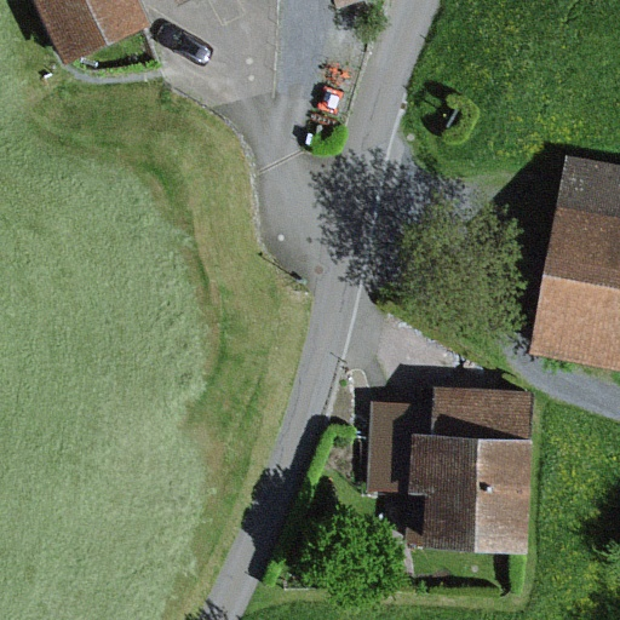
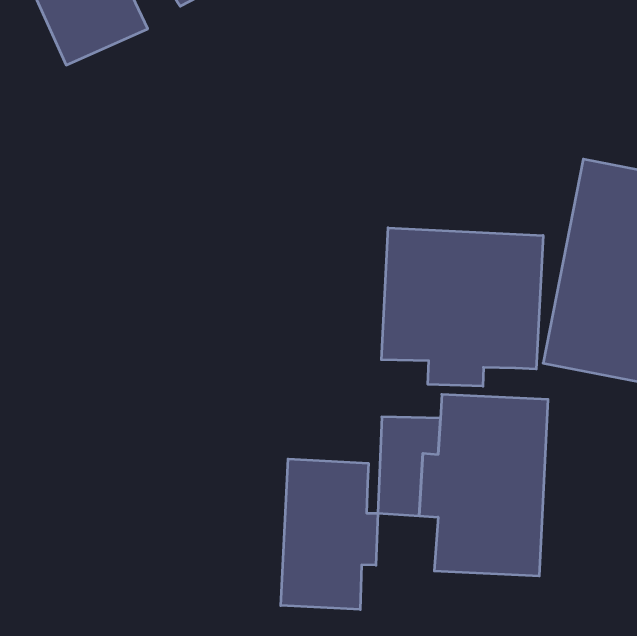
building: none -> [381,228,543,386]
building: none -> [281,459,378,610]

